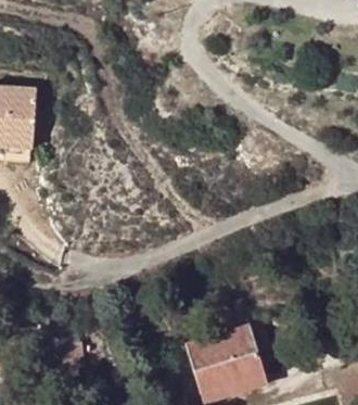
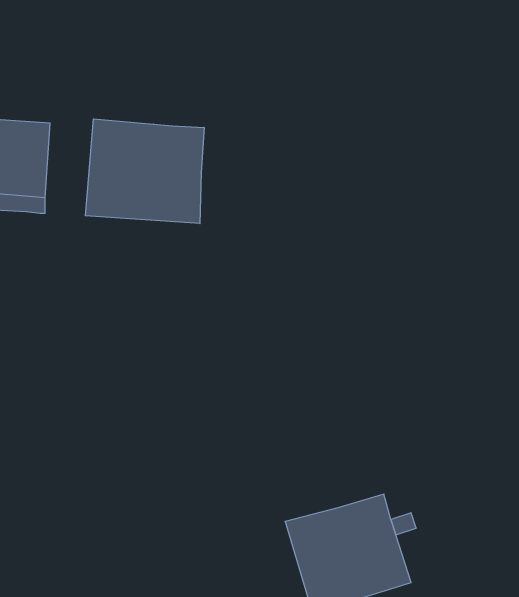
building: none -> [85,119,204,224]

